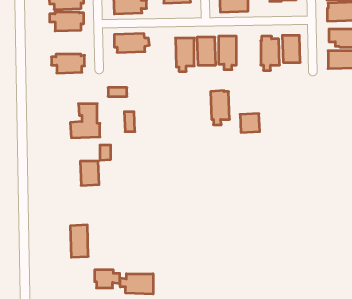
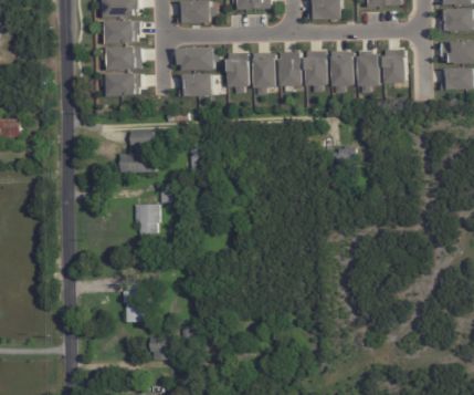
building: none -> [98,46,139,69]
building: none -> [225,52,249,93]
building: none -> [177,72,211,96]
building: [211,91,230,125] -> [329,50,352,92]
building: [120,274,153,294] -> none

